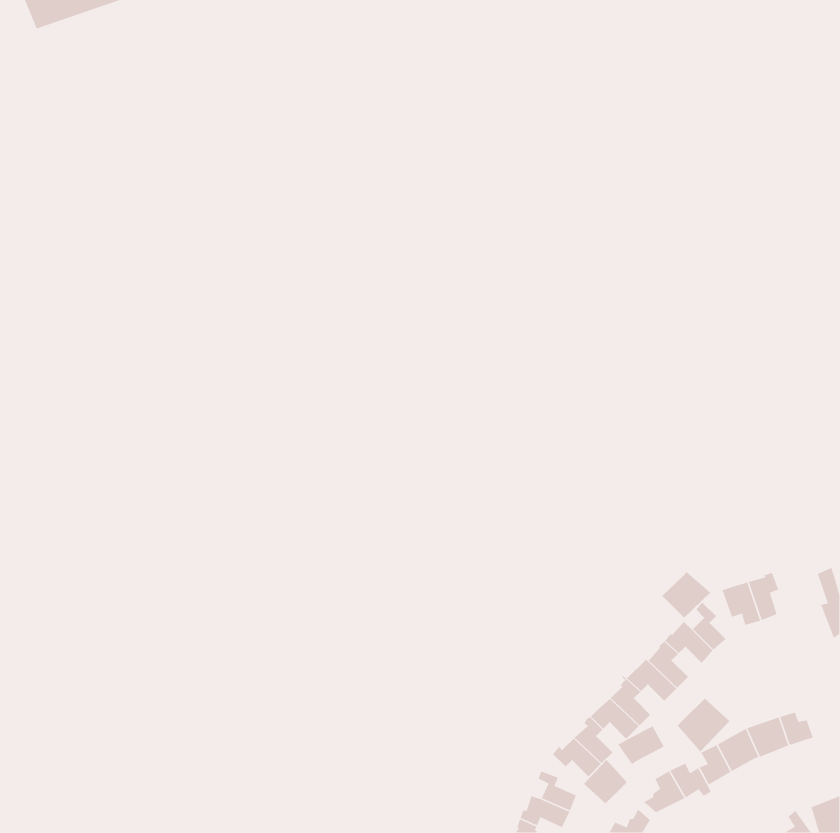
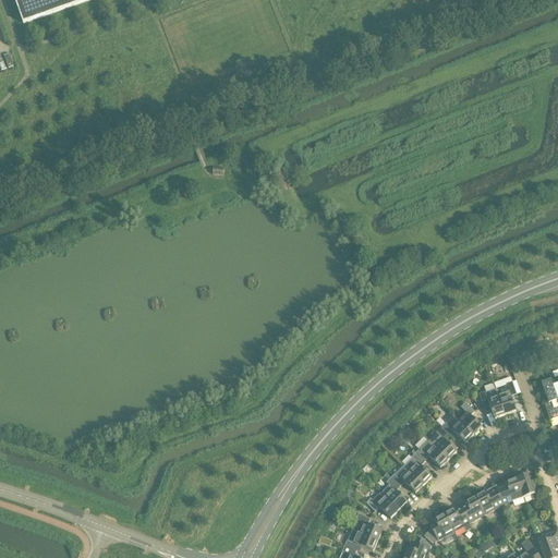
building: [662,571,711,618] -> none
building: [677,698,730,752] -> none
building: [617,725,665,765] -> none
building: [583,759,628,804] -> none

